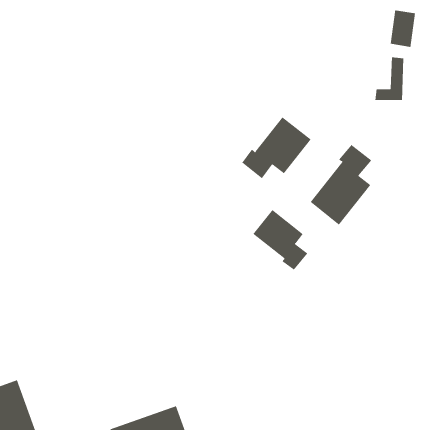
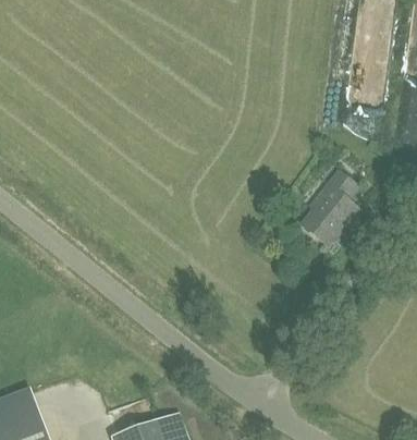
building: [241,117,312,179] -> none
building: [253,209,308,271] -> none

